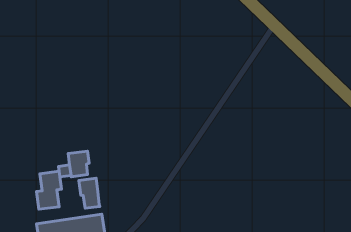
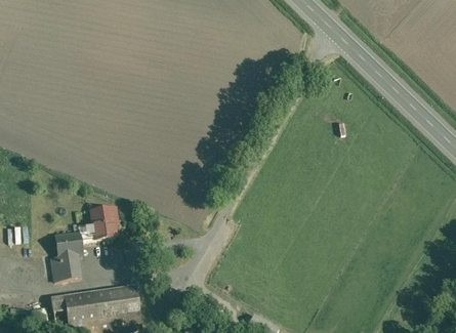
building: [79,178,100,208] -> none

